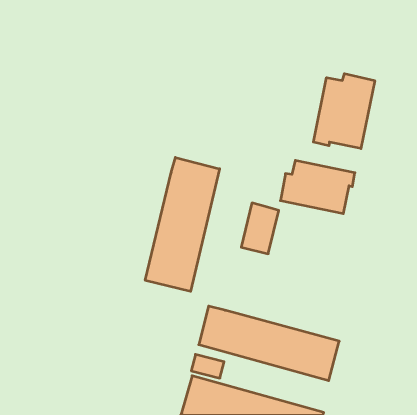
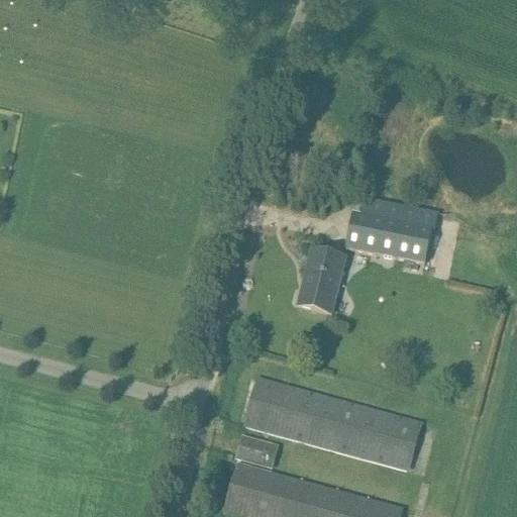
building: [313,74,375,149] -> none
building: [145,157,220,291] -> none

